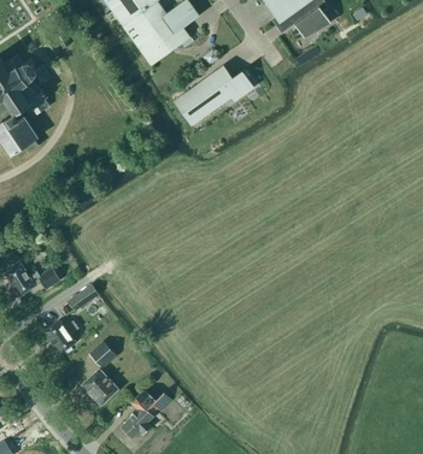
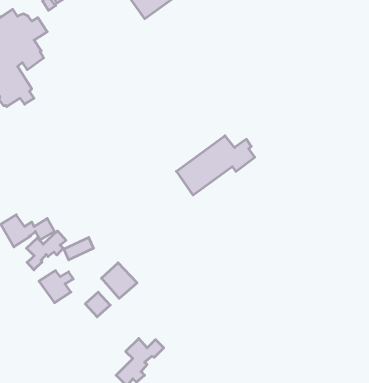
building: [174,65,253,125] -> [176,136,255,195]
building: none -> [26,231,66,270]
building: [82,368,118,405] -> [101,263,137,298]

